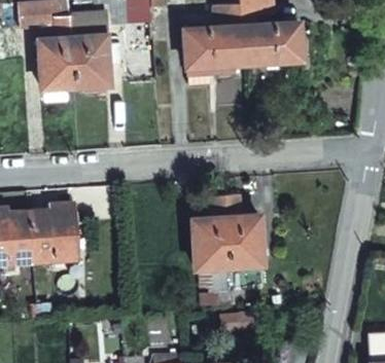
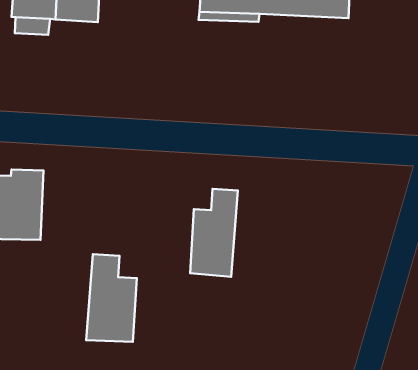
building: [227,198,267,266] -> [86,254,137,342]

